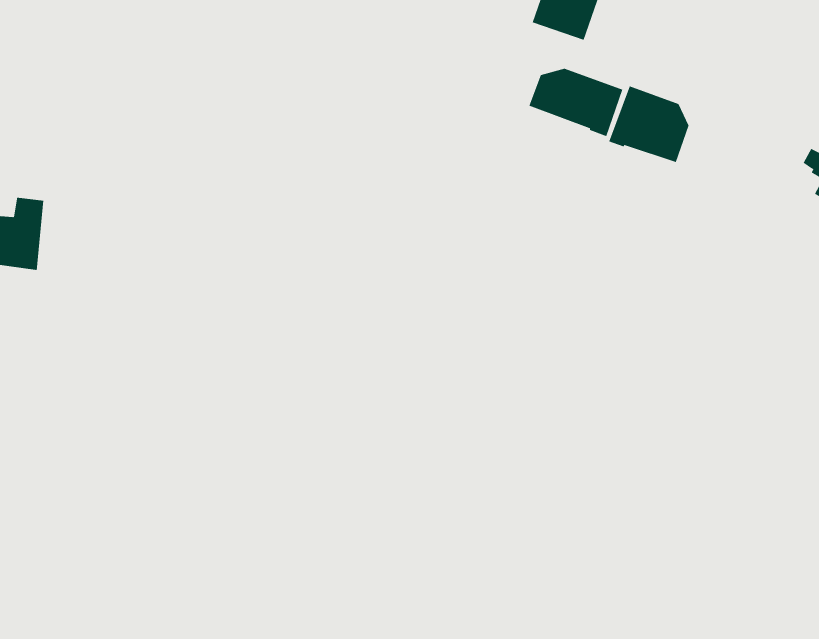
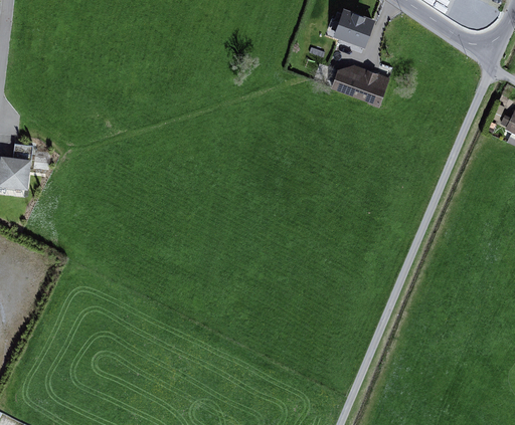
building: [609,86,689,163] -> none

